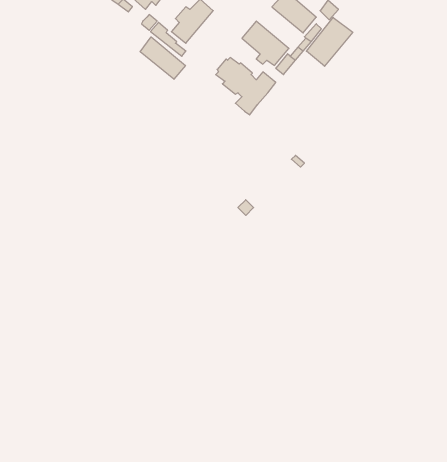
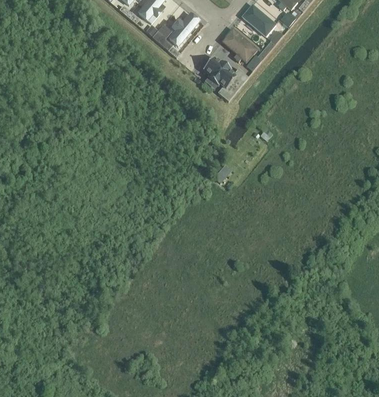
building: [306,17,353,66] -> none
building: [140,37,185,79] -> none

